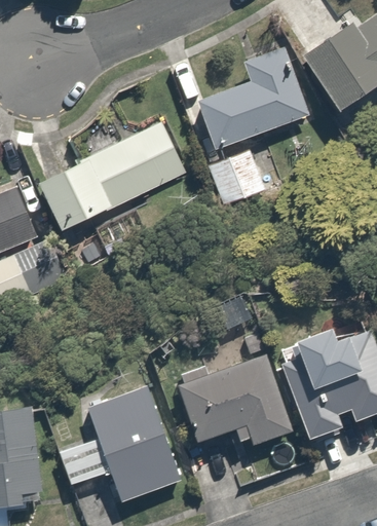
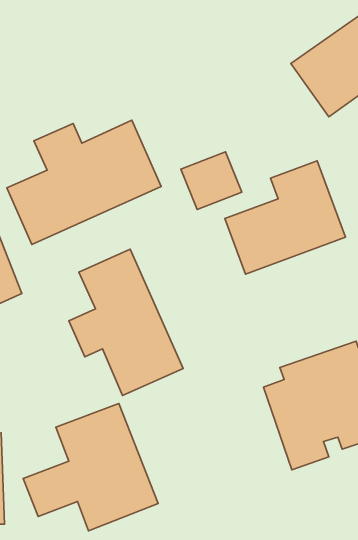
building: [196,42,310,149] -> [225,161,346,274]
building: none -> [69,249,183,395]
building: [177,353,293,447] -> none

